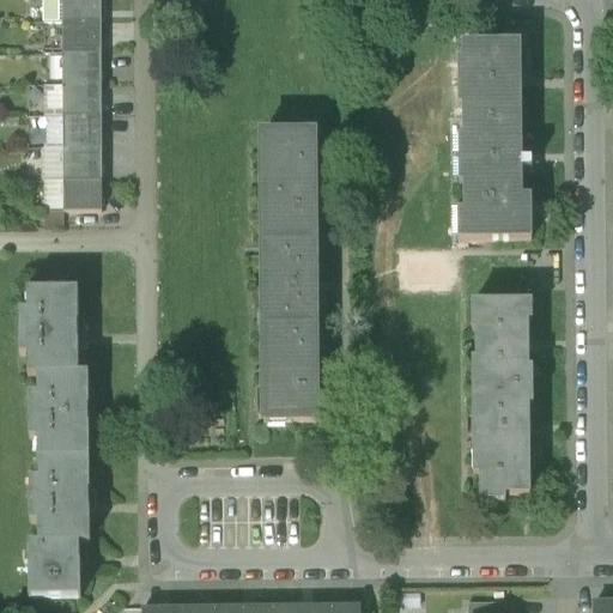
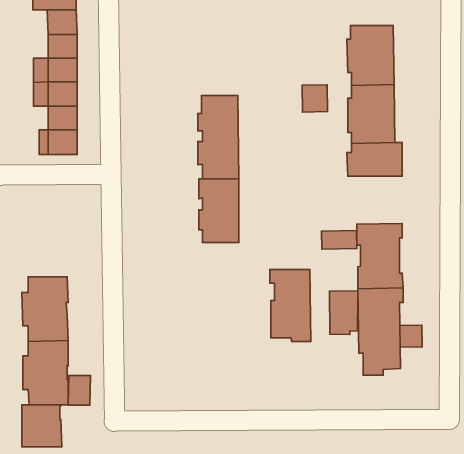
building: none -> [302,85,327,112]
building: [19,280,79,366] -> none
building: none -> [322,231,357,249]
building: [262,320,316,414] -> [270,270,311,341]
building: none -> [329,291,358,335]
building: none -> [400,325,422,347]
building: none -> [68,376,91,405]

